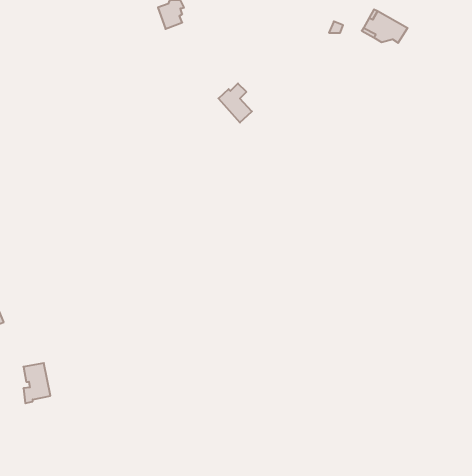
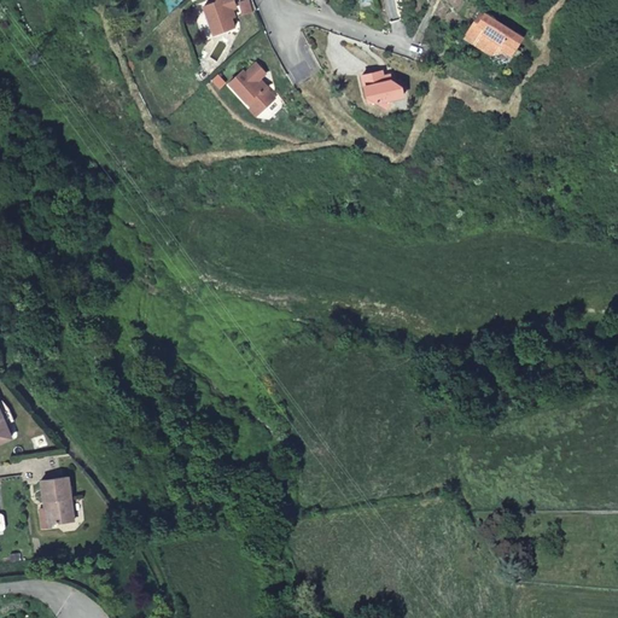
building: none -> [363,72,404,105]
building: [218,83,252,123] -> [229,63,273,113]

